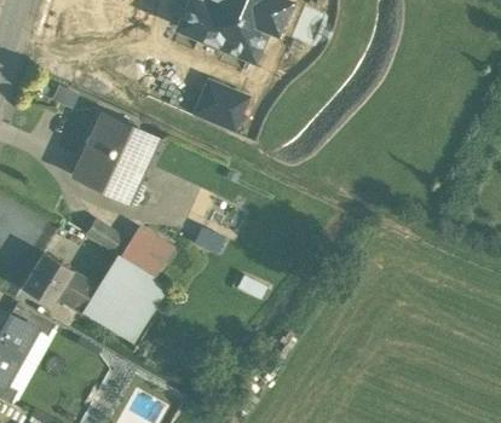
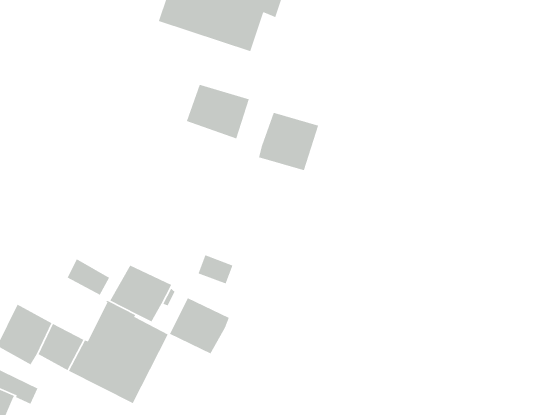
building: none -> [258,112,319,171]
building: [73,115,155,201] -> none
building: none -> [169,297,230,355]

